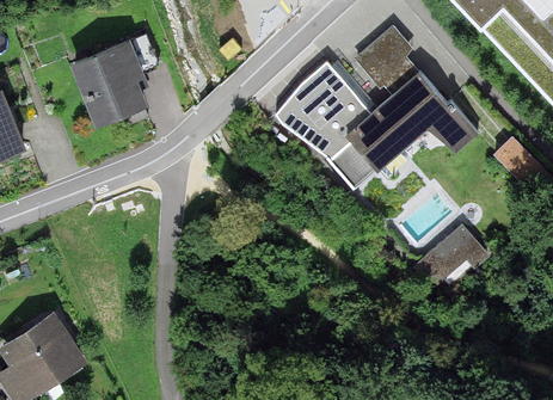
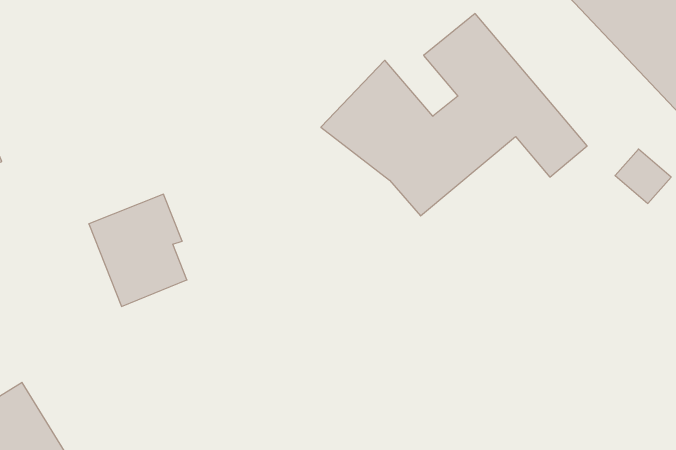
building: [75,39,150,125] -> [89,194,187,306]
building: [417,227,483,284] -> none

